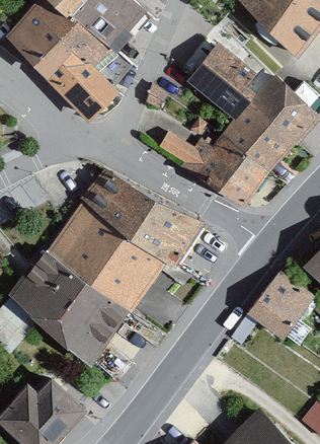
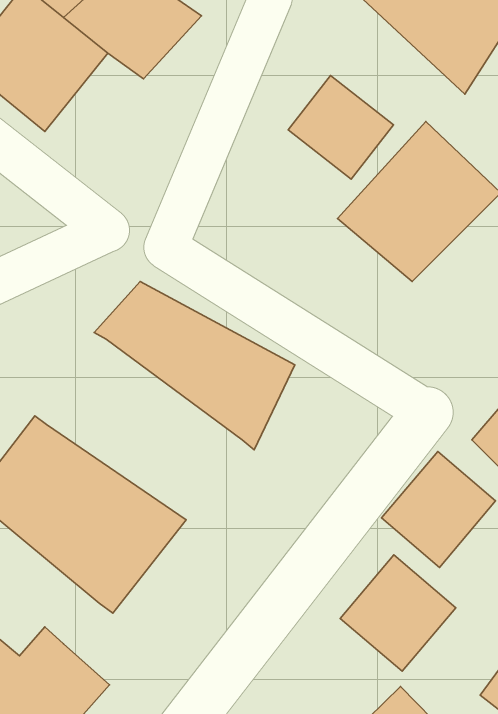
building: [49,33,116,118] -> none
building: [160,132,267,208] -> none
building: [50,204,166,311] -> none
building: none -> [340,555,456,671]

